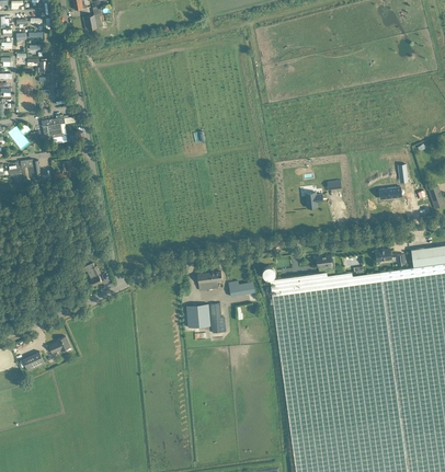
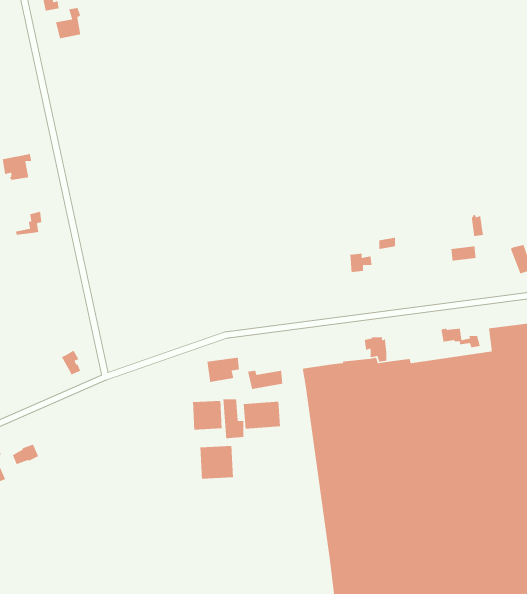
building: none -> [243,401,281,429]
building: none -> [200,445,234,479]

